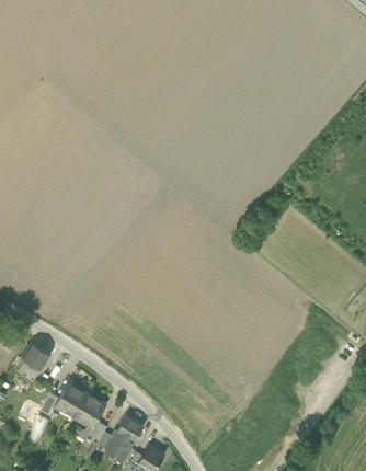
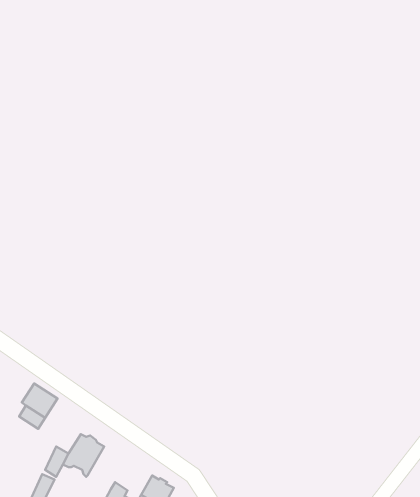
building: [75,393,106,427] -> none

